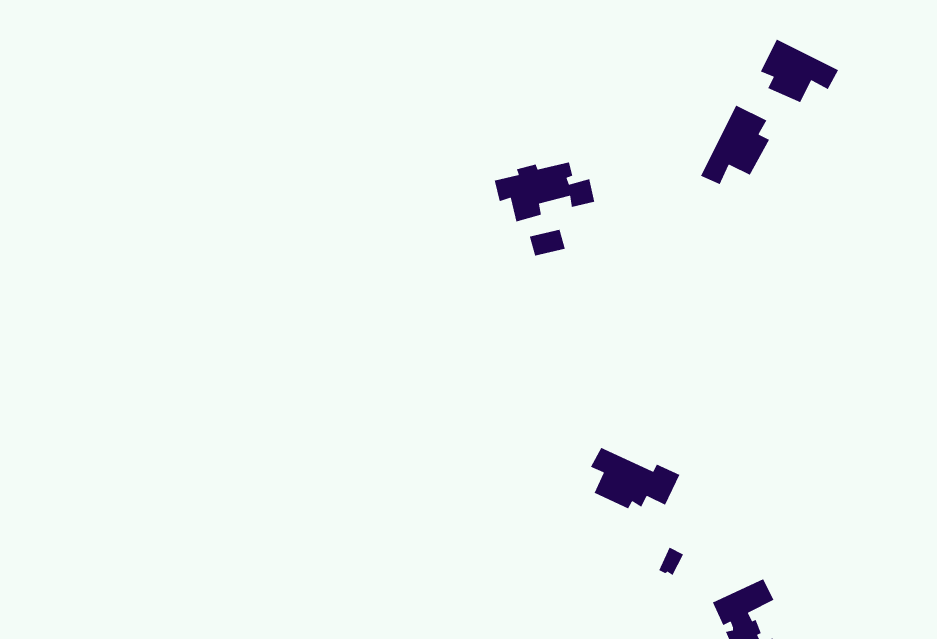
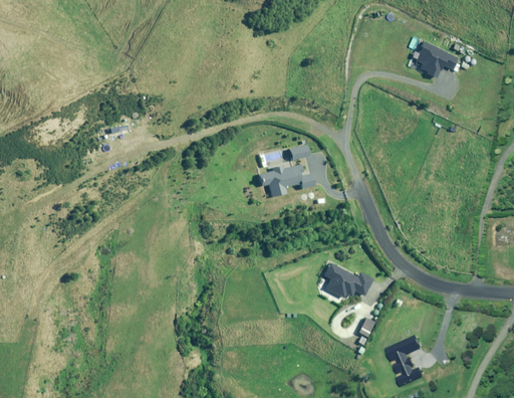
building: [700,104,770,185] -> none
building: [494,162,595,223] -> [260,164,315,197]

